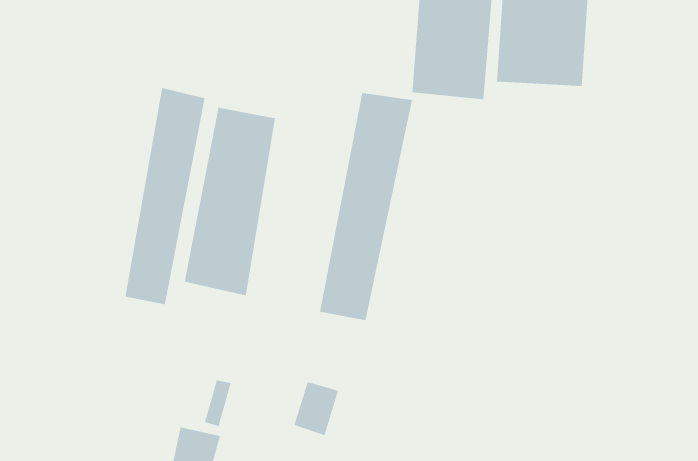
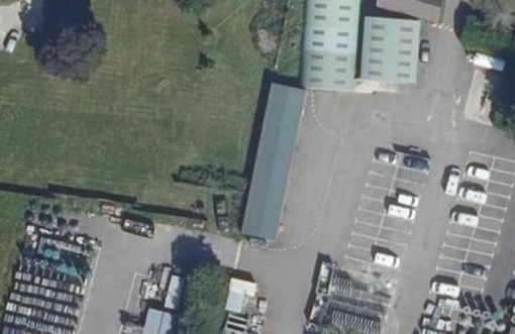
building: [125,87,205,305] -> none
building: [184,107,275,296] -> none

